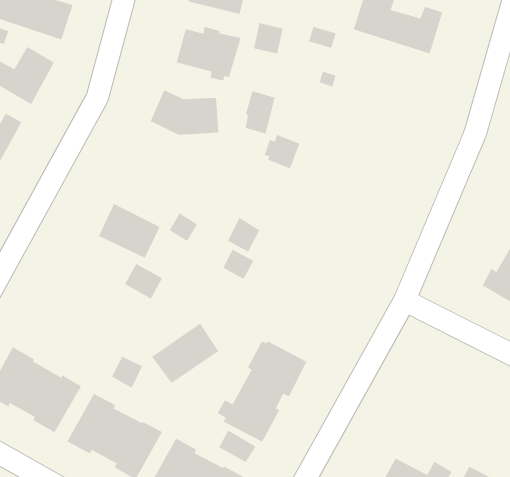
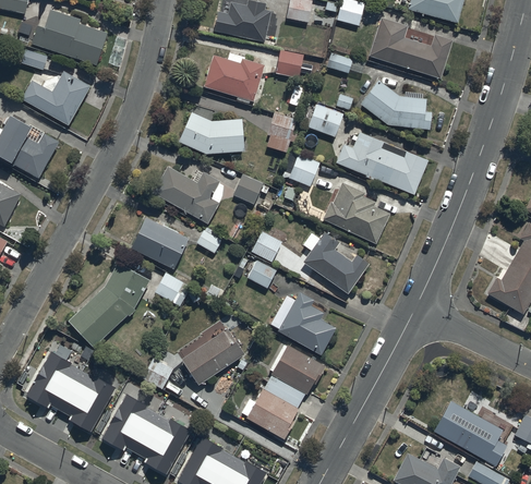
building: none -> [359,80,432,130]
building: none -> [307,104,342,136]
building: none -> [335,132,427,194]
building: none -> [152,165,222,223]
building: none -> [232,174,268,203]
building: none -> [322,182,389,244]
building: none -> [302,231,367,293]
building: none -> [69,262,150,347]
building: none -> [277,291,336,355]
building: none -> [433,401,507,465]
building: [219,430,256,463] -> none

